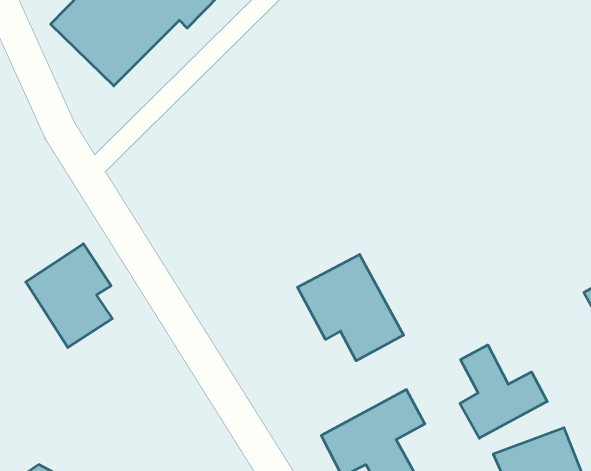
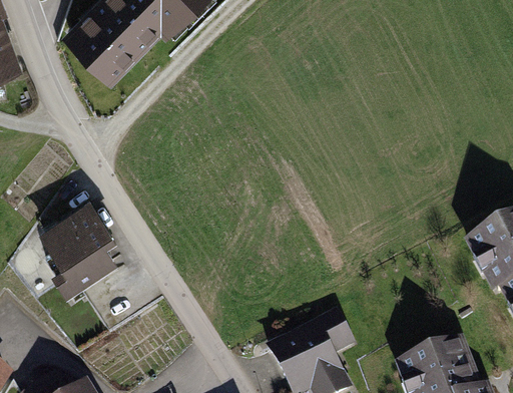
building: [298,254,404,361] -> none
building: [460,345,547,438] -> none

